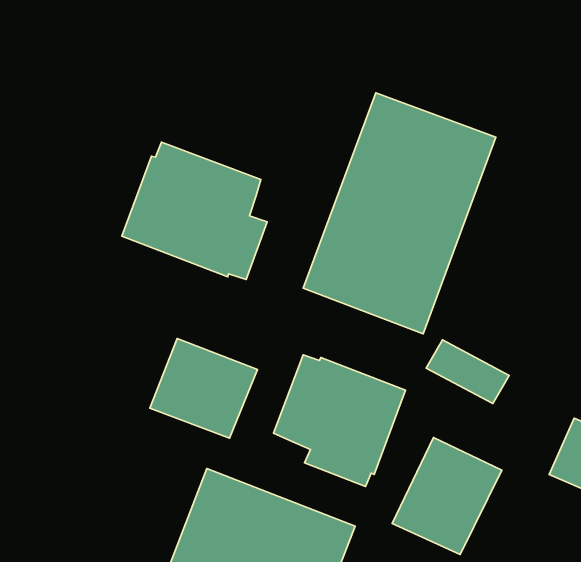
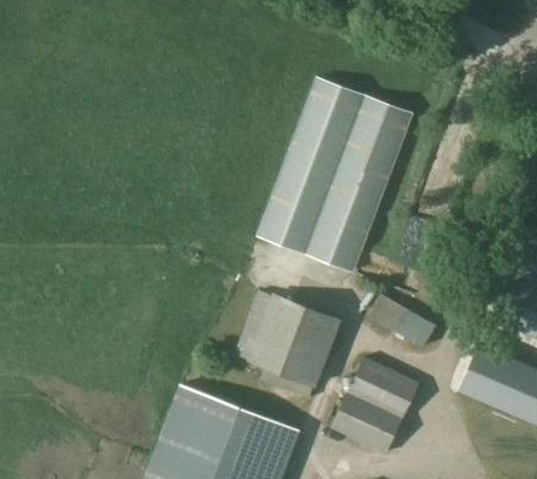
building: [122,142,267,280] -> none
building: [150,339,258,438] -> none

